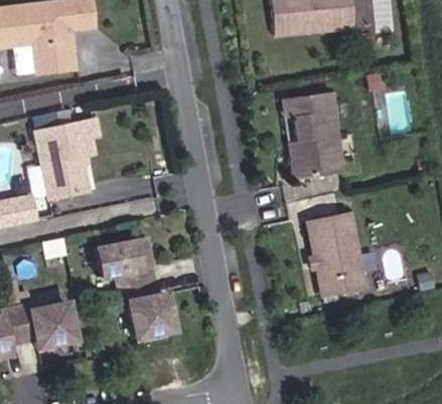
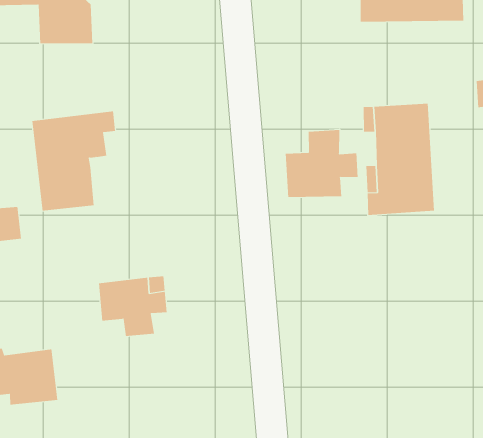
building: none -> [285,129,358,198]
building: [307,211,364,296] -> none
building: [120,282,172,336] -> none

